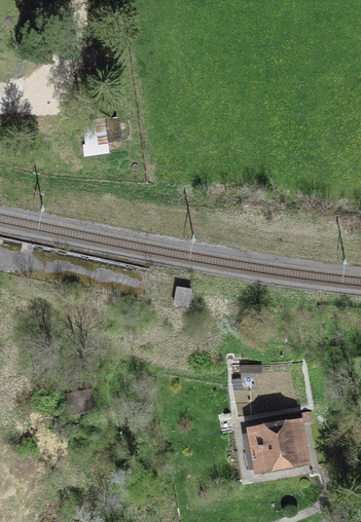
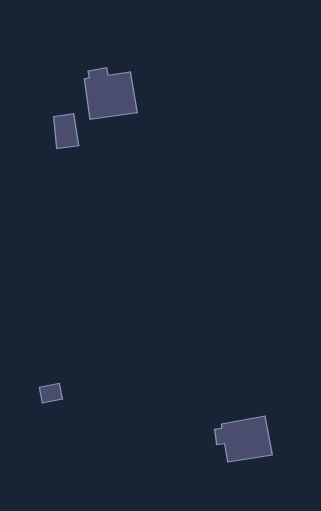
building: none -> [85,68,137,119]

